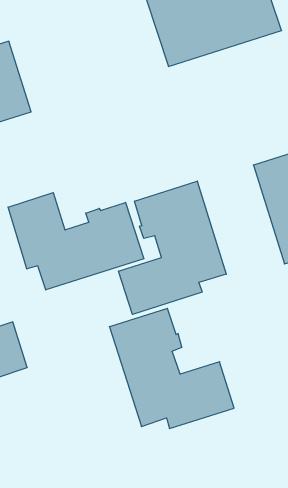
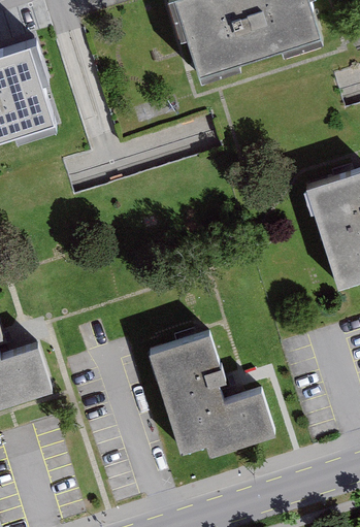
building: [119,181,226,314] -> none
building: [8,193,144,290] -> none

